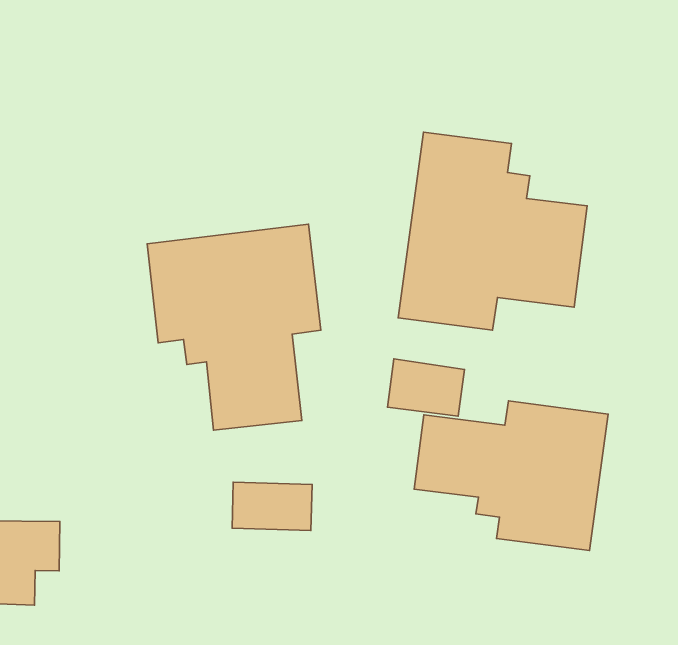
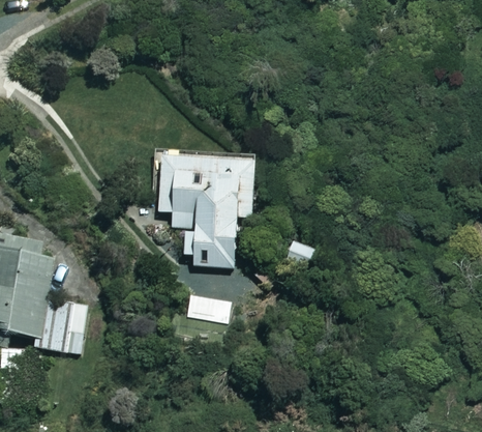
building: [398,132,587,330] -> none
building: [414,401,608,551] -> none

